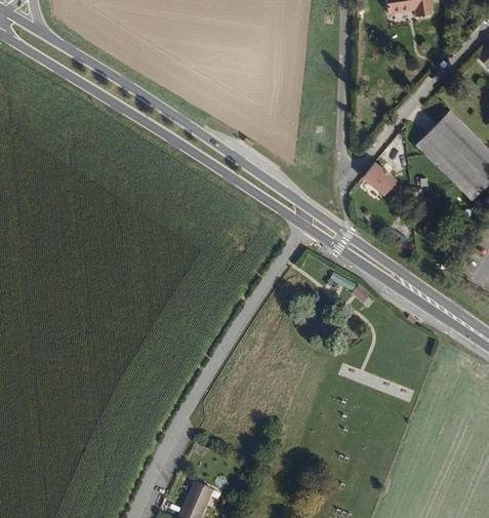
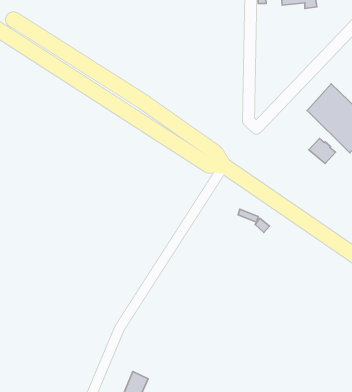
building: [364,158,398,190] -> [309,139,335,163]

